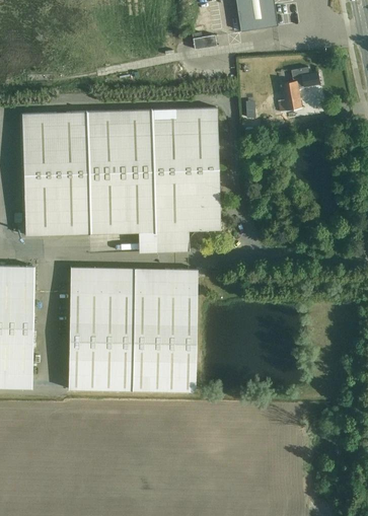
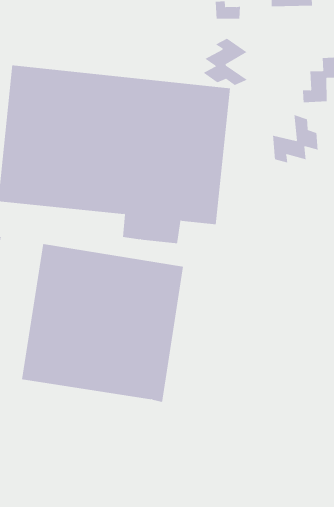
building: none -> [203,38,248,86]
building: none -> [272,114,318,163]

